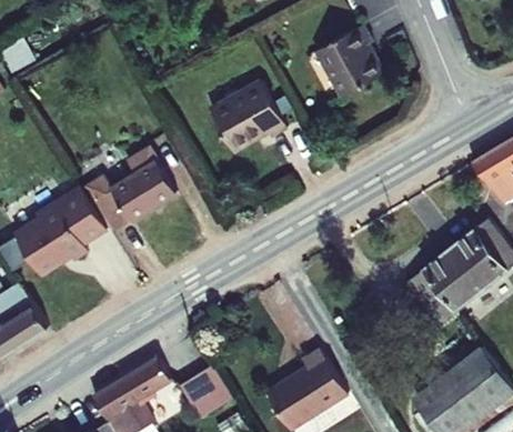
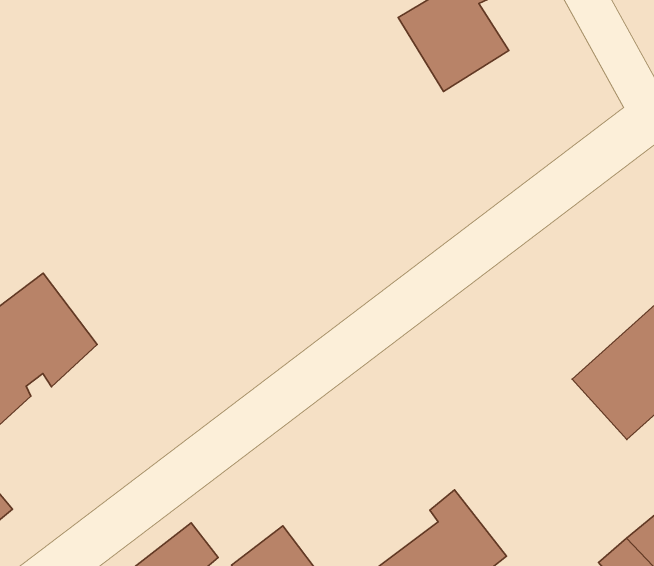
building: [212,82,289,152] -> none
building: [91,147,177,224] -> none

